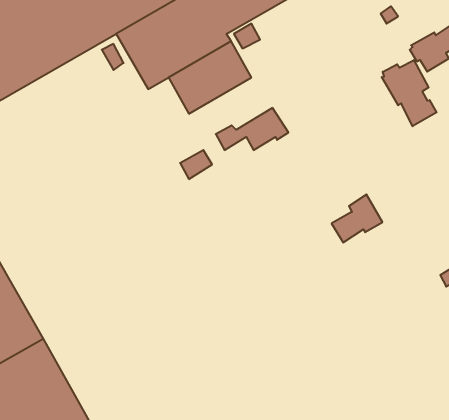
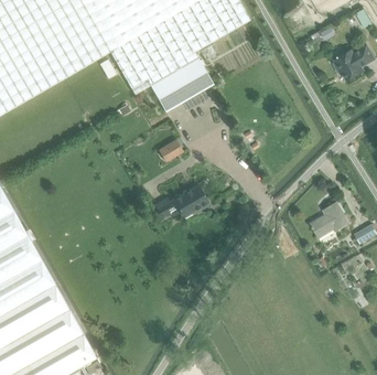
building: [382,60,437,126] -> none
building: [216,108,288,150] -> [154,185,209,217]
building: [332,194,382,242] -> [310,202,348,238]

